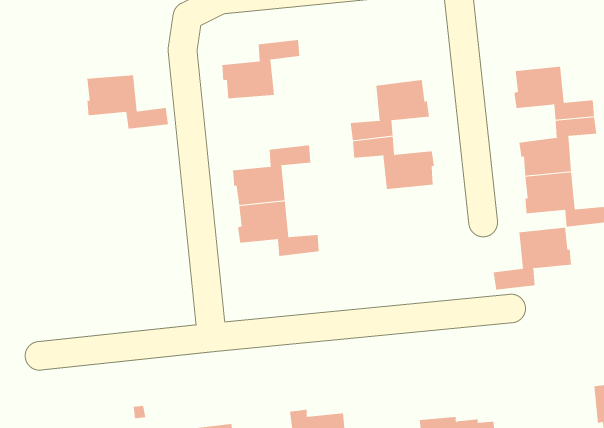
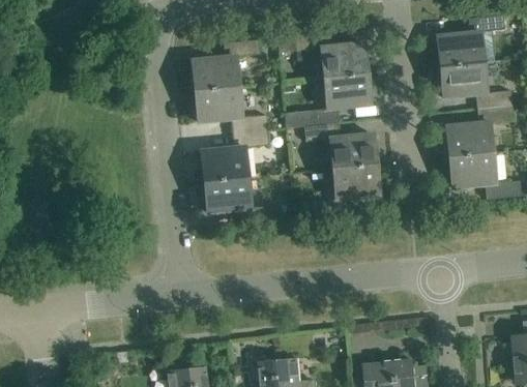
building: none -> [438,16,505,66]
building: none -> [295,33,365,79]
building: [87,75,169,129] -> [198,87,268,133]
building: [493,227,572,290] -> [312,163,379,217]

